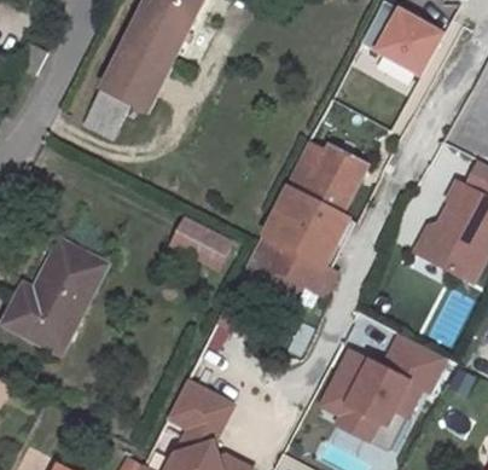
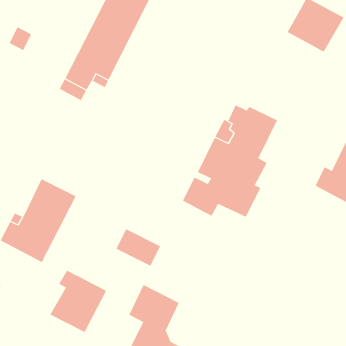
building: [168,217,227,267] -> [115,228,161,266]
building: [318,336,448,453] -> none
building: none -> [50,270,107,333]

